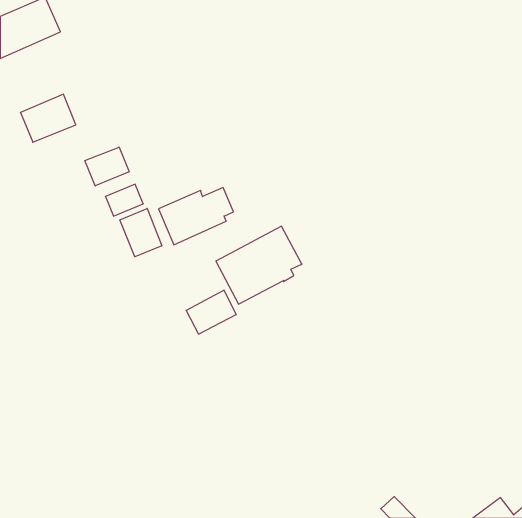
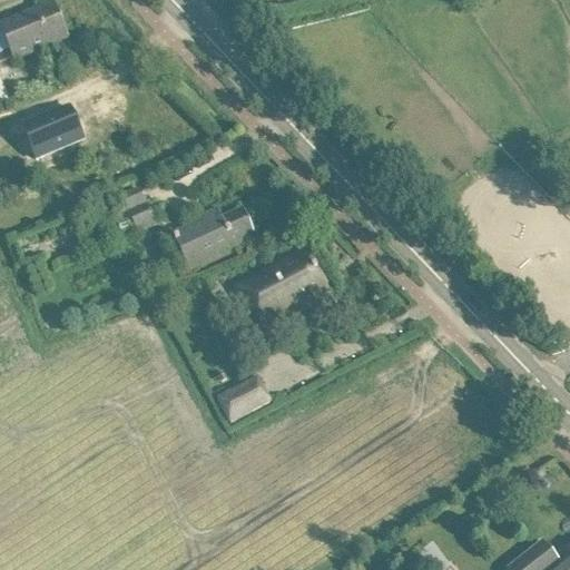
building: [85,147,129,186] -> none
building: [120,208,162,257] -> none
building: [186,290,236,334] -> [218,373,273,421]

